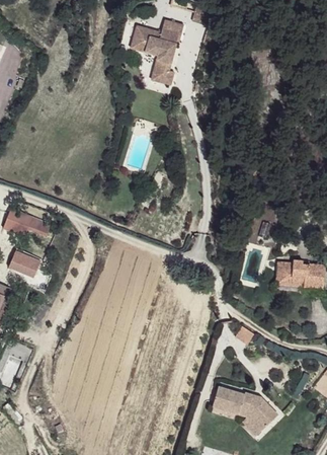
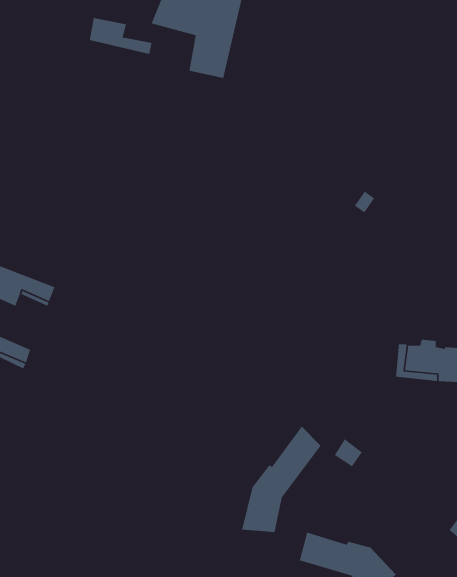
building: none -> [89,17,152,55]
building: none -> [241,426,322,533]

